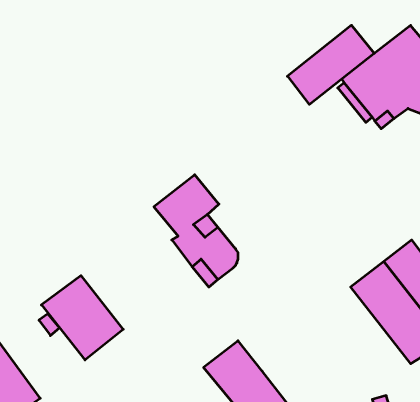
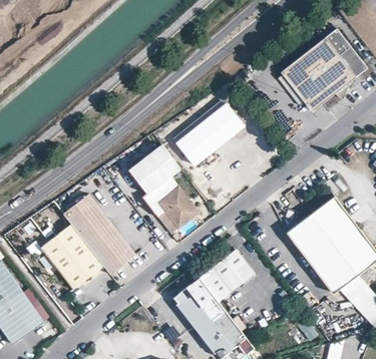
building: [287,25,374,104] -> [177,105,246,167]
building: none -> [65,195,137,275]
building: none -> [198,248,253,300]

